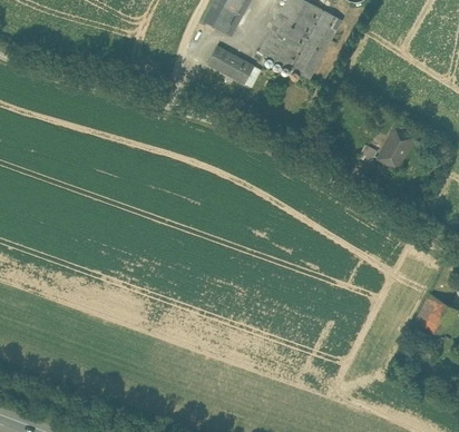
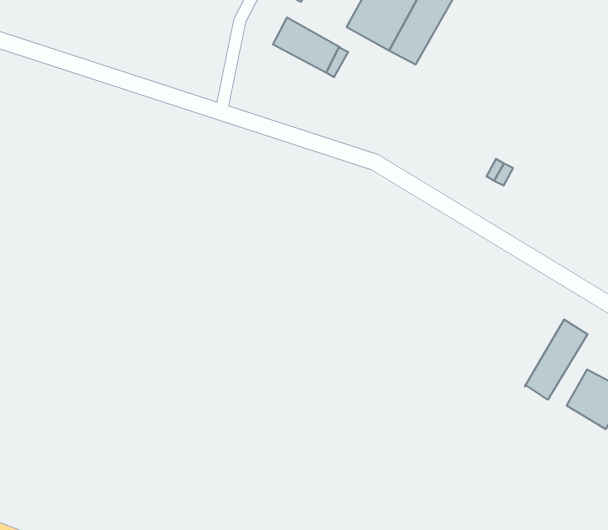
building: [379,128,416,169] -> none
building: none -> [525,319,588,400]

